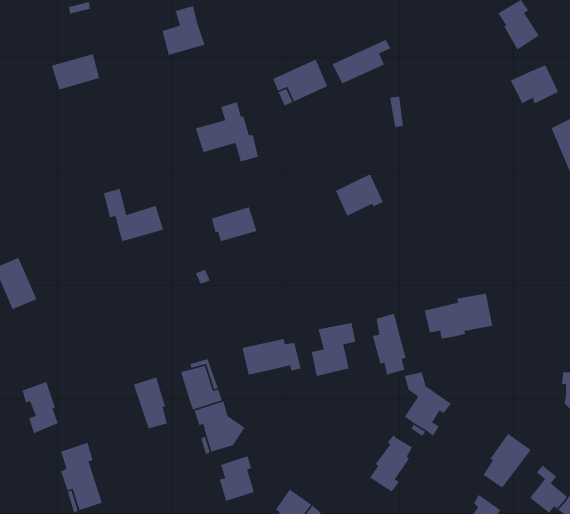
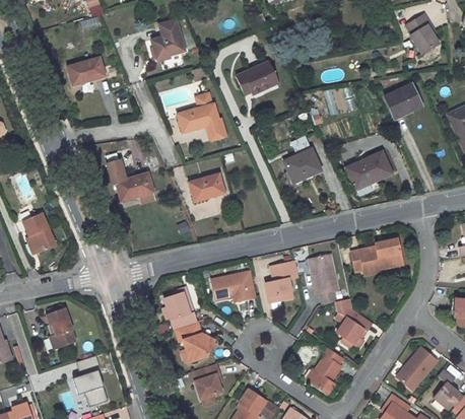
building: [331,39,392,85] -> none
building: [510,64,559,104] -> [384,84,421,115]
building: none -> [345,151,392,190]
building: [133,376,168,429] -> none

